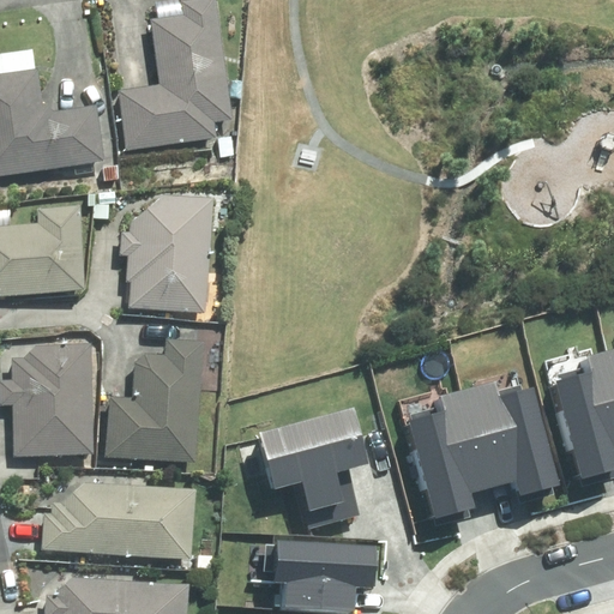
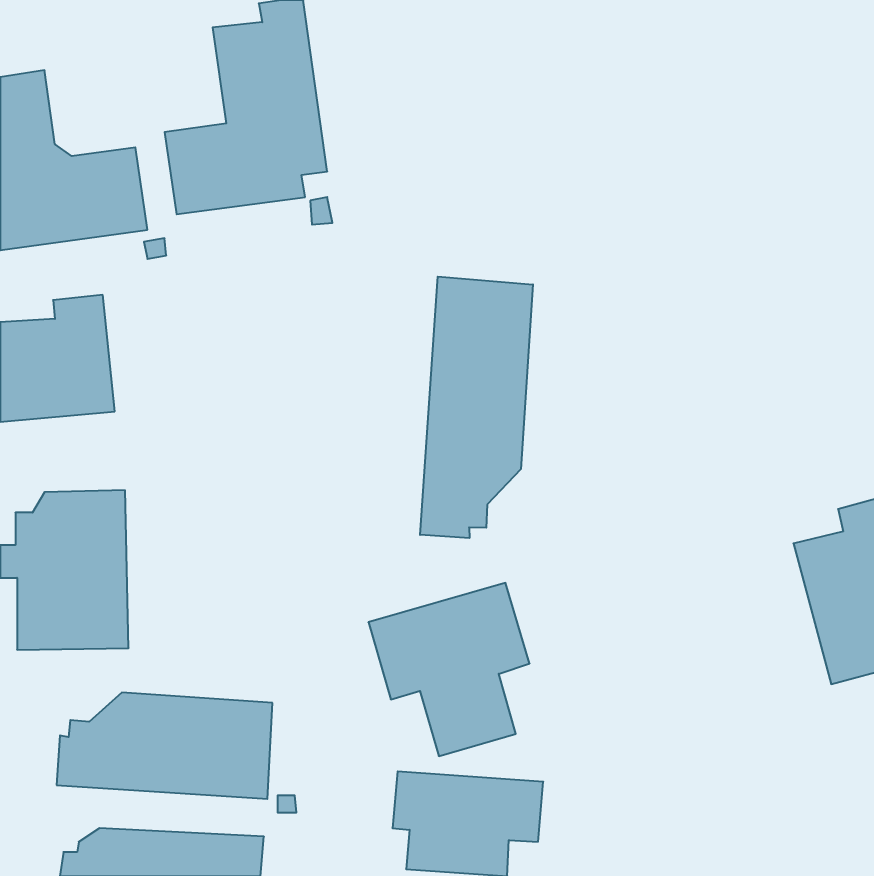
building: none -> [420,277,533,538]
building: [119,197,211,313] -> none
building: [104,338,199,463] -> none
building: [410,379,561,517] -> none

